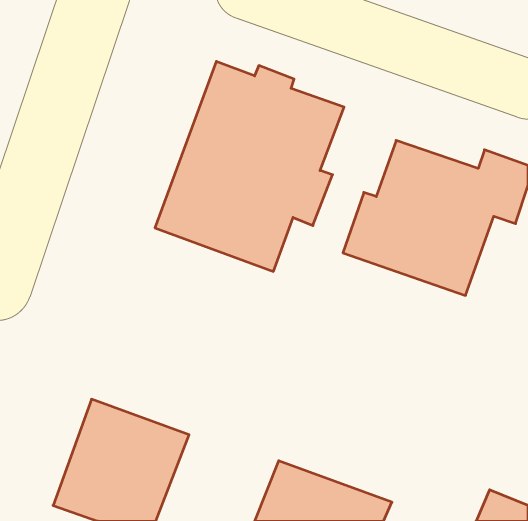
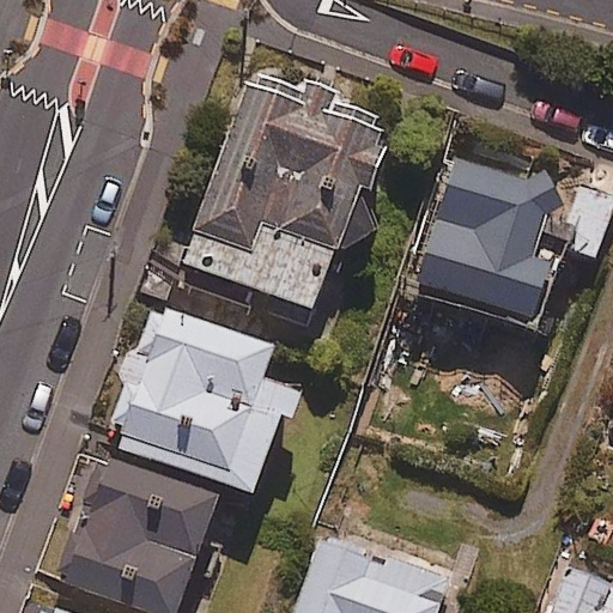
building: none -> [110,302,291,498]

